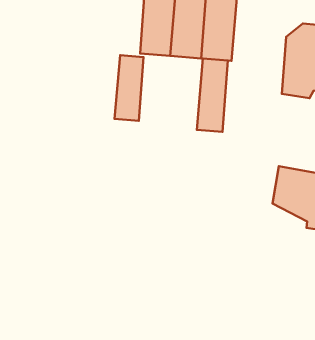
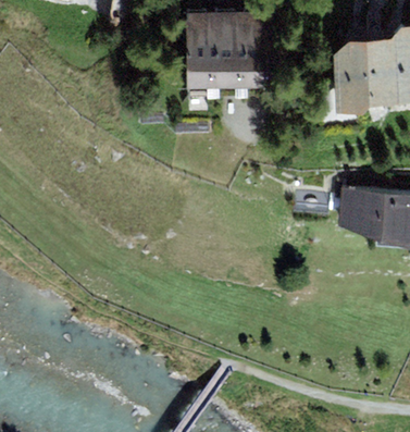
building: [115,55,144,121] -> none
building: [197,59,228,132] -> none

